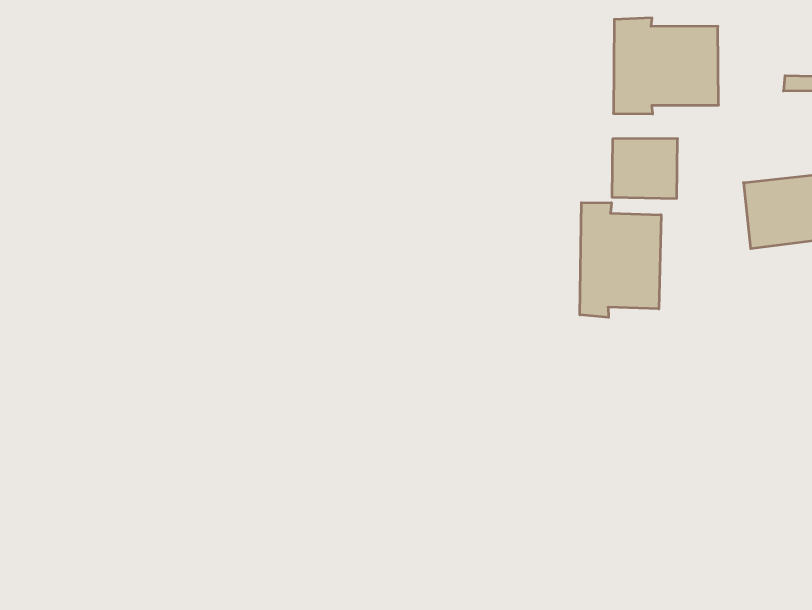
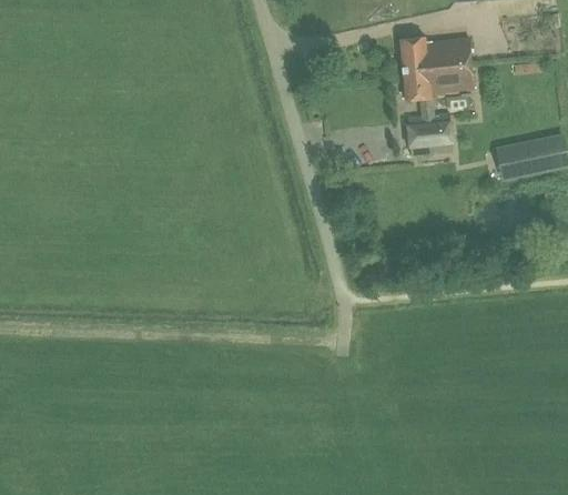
building: [580,203,661,317] -> none

